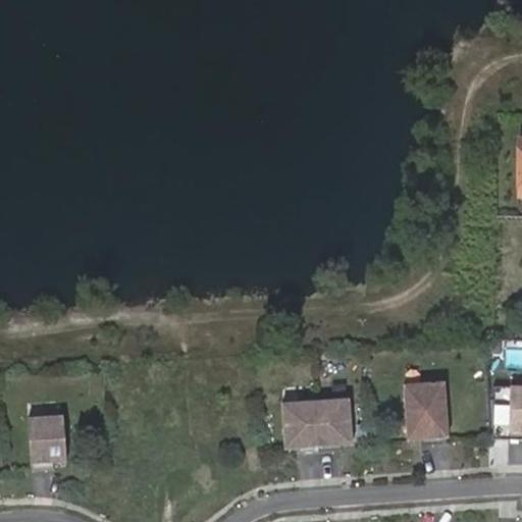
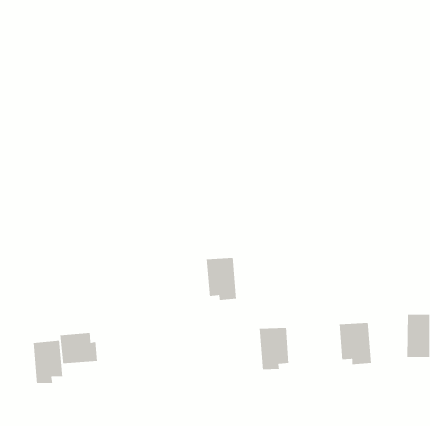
building: [279,397,317,450] -> [206,257,237,301]
building: none -> [59,332,98,364]

